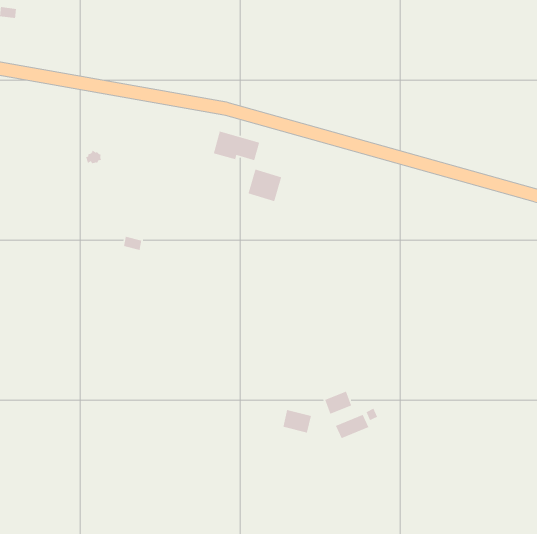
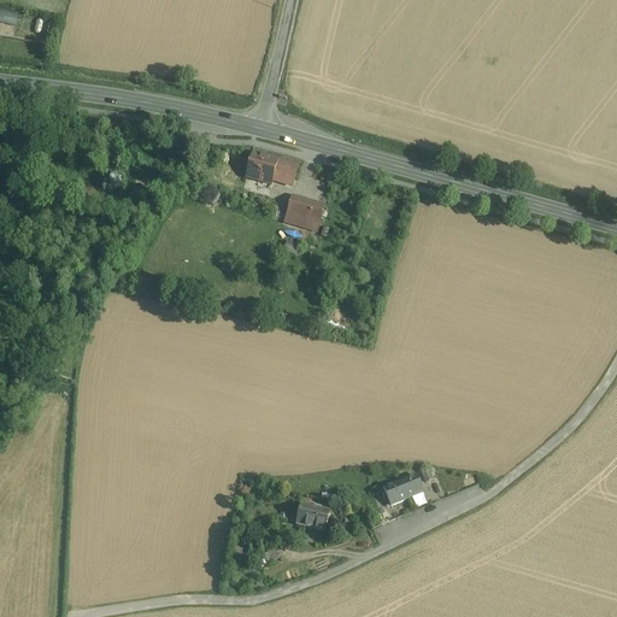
building: [324,391,352,415] -> none
building: [282,409,312,433] -> [295,501,329,529]

